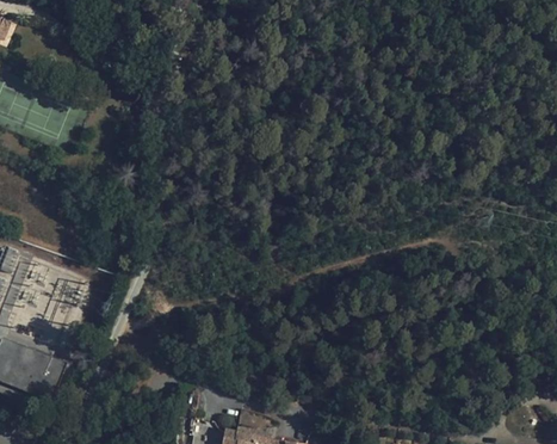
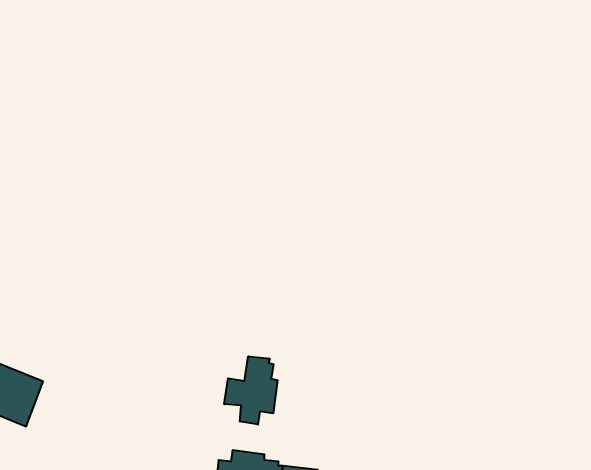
building: none -> [224,356,277,425]

